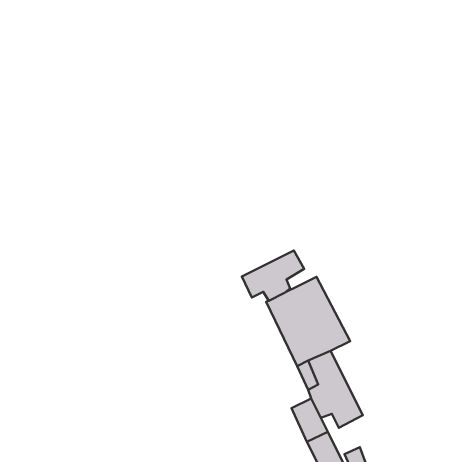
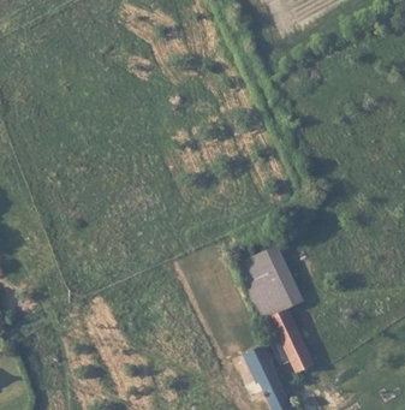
building: [242,250,304,301] -> none

